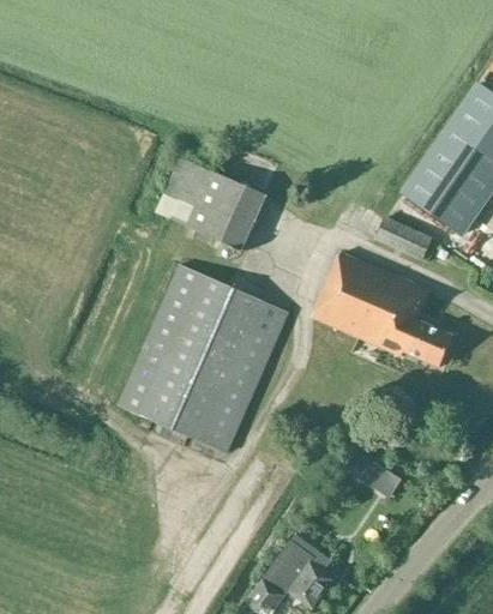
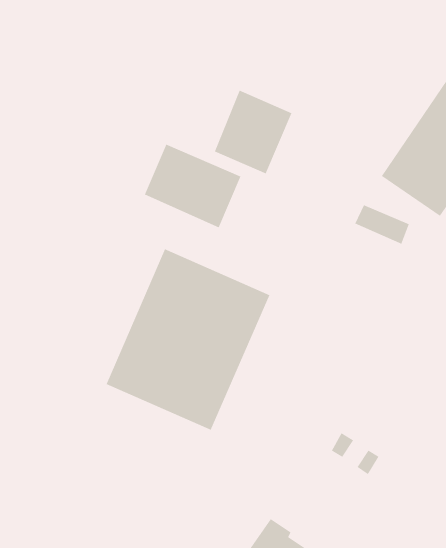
building: none -> [214,90,293,174]
building: [313,253,453,367] -> none

